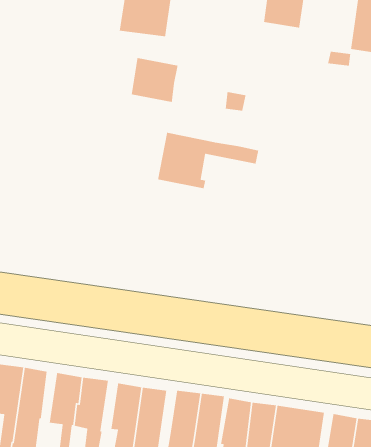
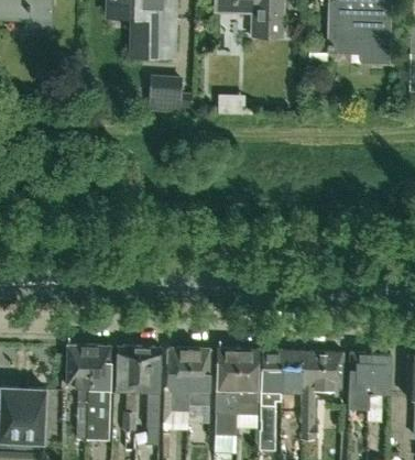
building: [157,132,259,189] -> none

